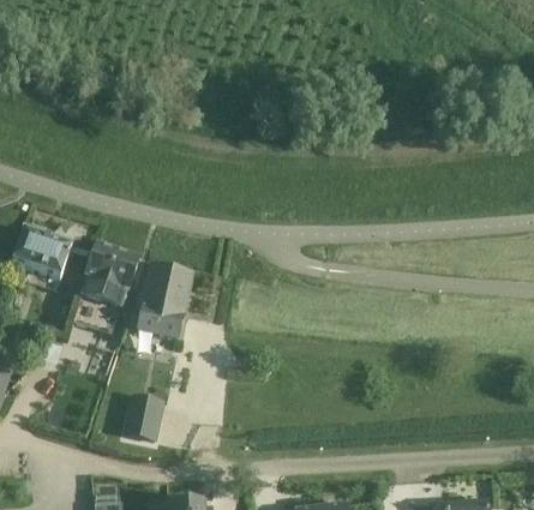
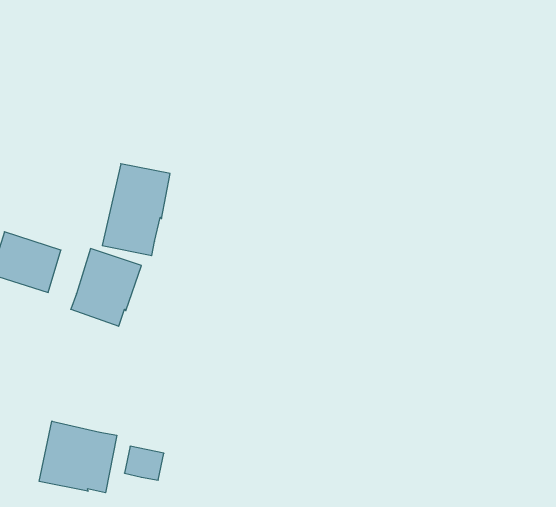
building: [136,259,193,337] -> [102,164,170,256]
building: none -> [39,421,117,493]

